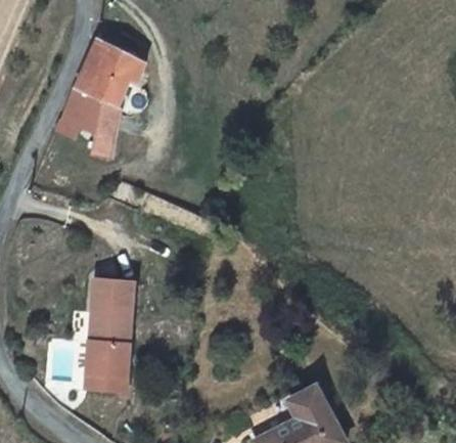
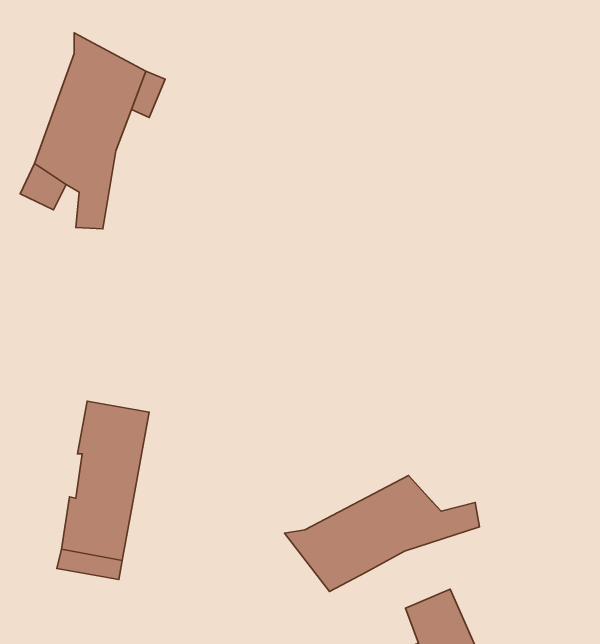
building: none -> [285,476,479,592]

